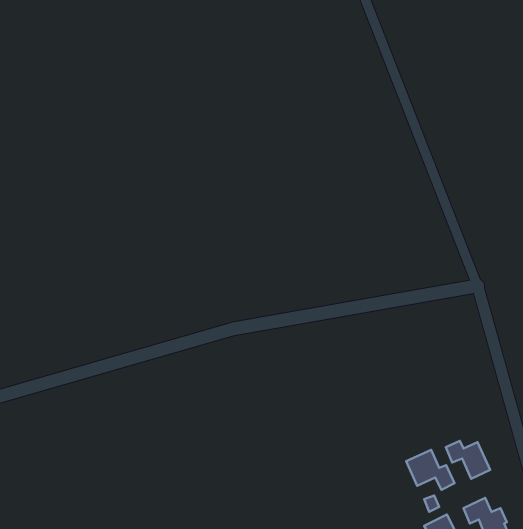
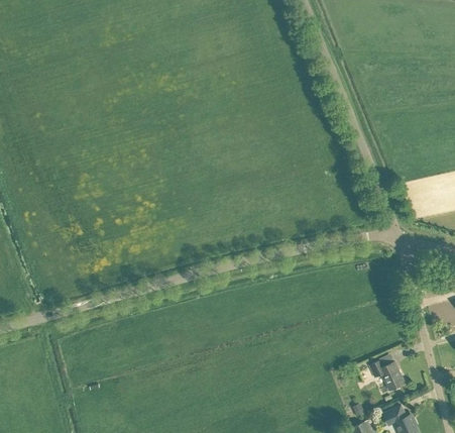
building: [406,450,454,490] -> none

